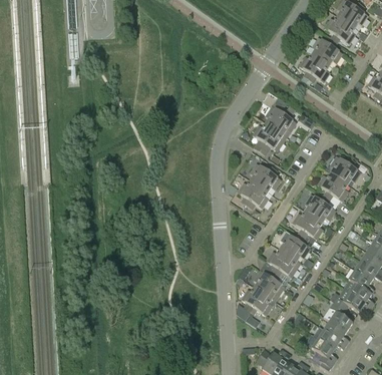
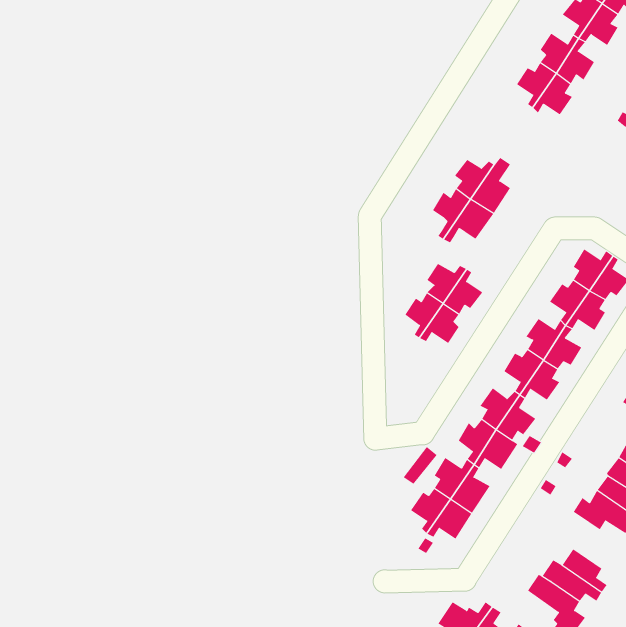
building: [323,301,352,330] -> none

